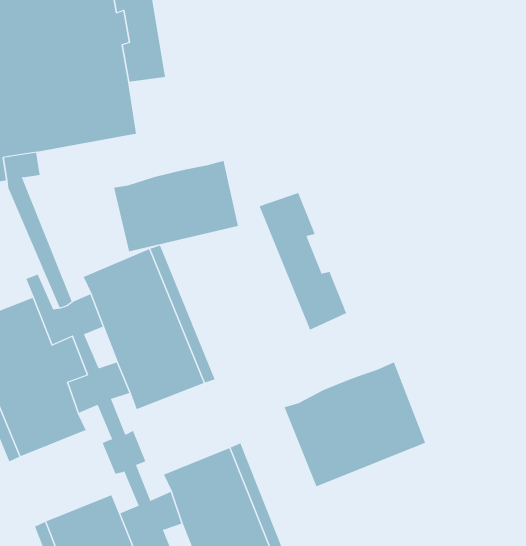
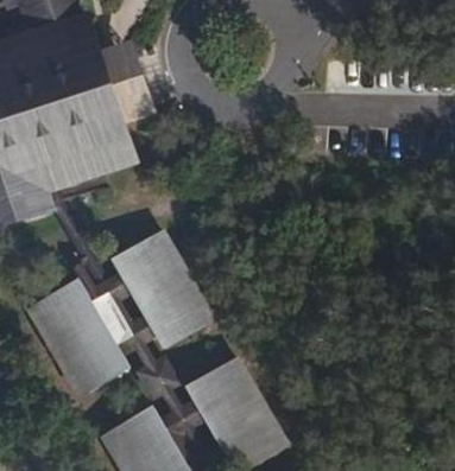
building: [114,160,238,252] -> none
building: [259,192,347,330] -> none
building: [284,361,426,487] -> none

